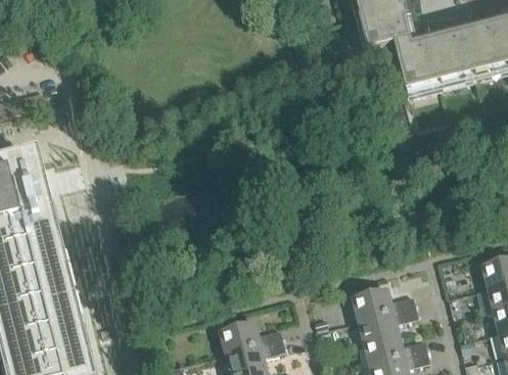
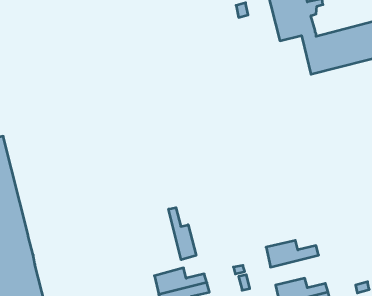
building: none -> [169,208,196,260]
building: [357,306,417,341] -> none

